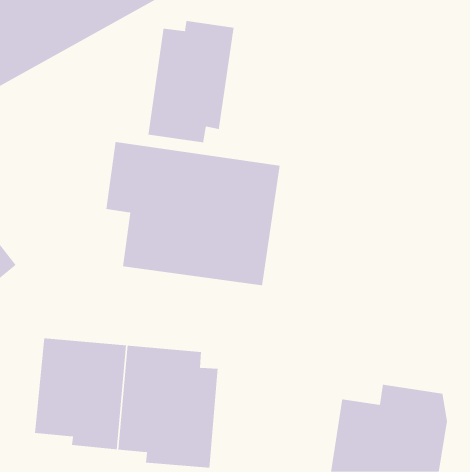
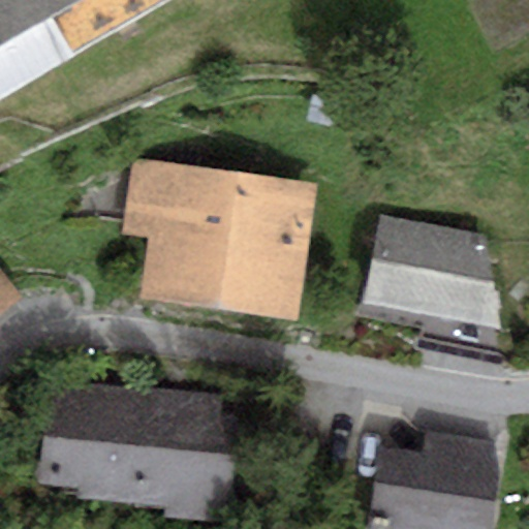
building: [148,20,234,143] -> none
building: none -> [360,217,499,330]

